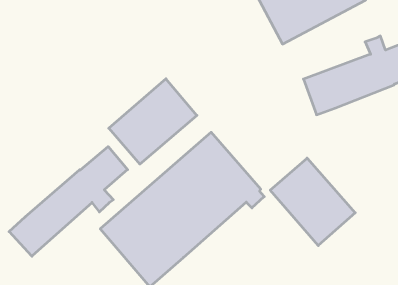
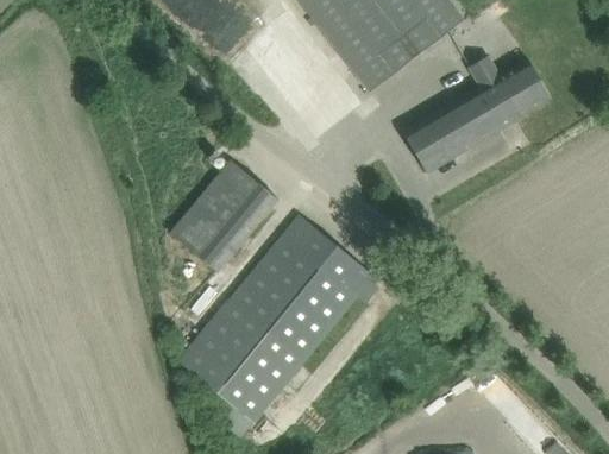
building: [9,147,128,256] -> none
building: [270,158,355,246] -> none

